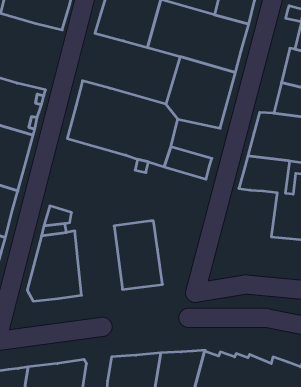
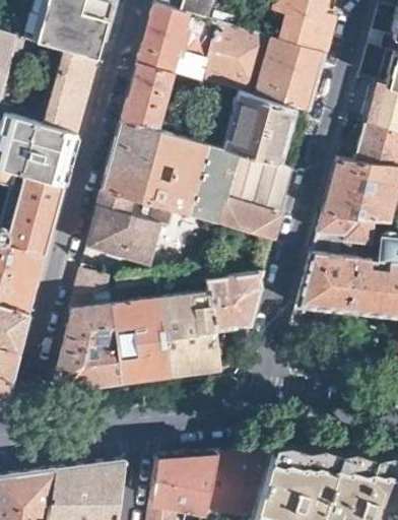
building: none -> [43,52,97,133]
building: none -> [122,64,172,131]
building: none -> [229,169,289,216]
building: none -> [88,192,175,267]
building: none -> [296,253,358,312]
building: none -> [205,272,264,327]
building: none -> [113,299,171,383]

